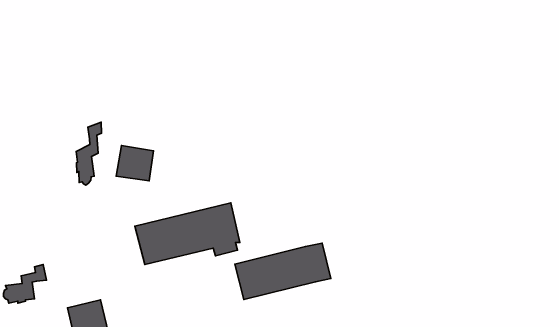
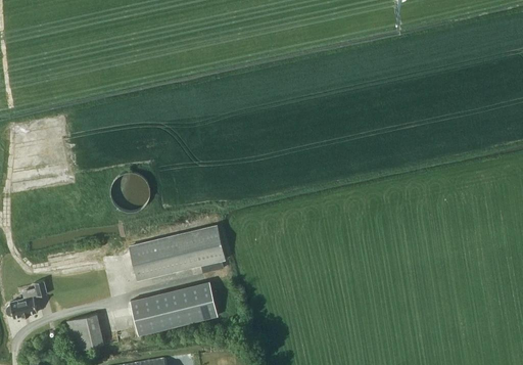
building: [76,122,102,185] -> none
building: [235,243,331,300] -> [130,282,219,334]

